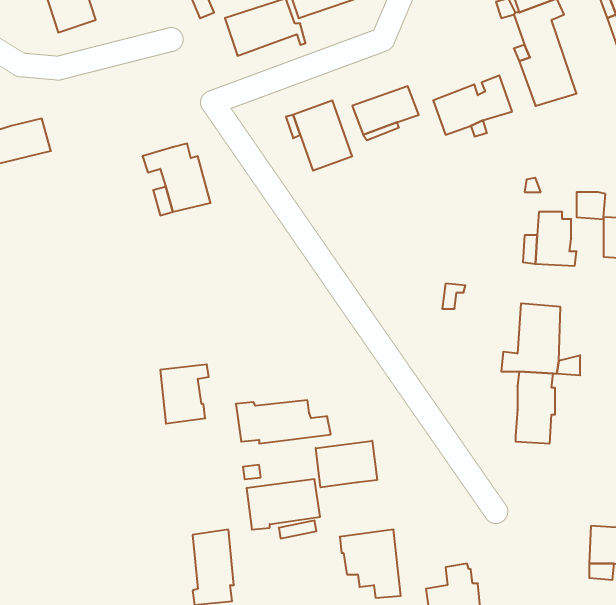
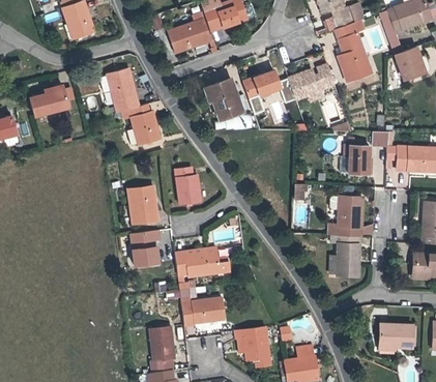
building: none -> [107,68,139,112]
building: none -> [175,168,201,204]
building: none -> [128,186,157,224]
building: [316,441,377,487] -> none

